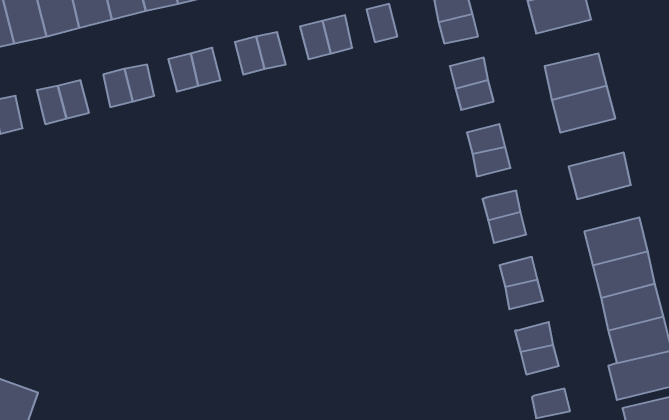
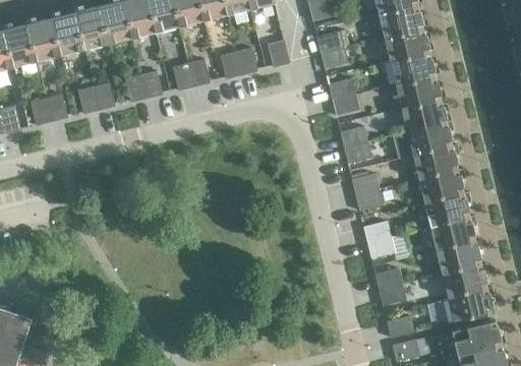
building: none -> [390,51,435,84]
building: none -> [407,122,453,157]
building: none -> [419,170,464,203]

